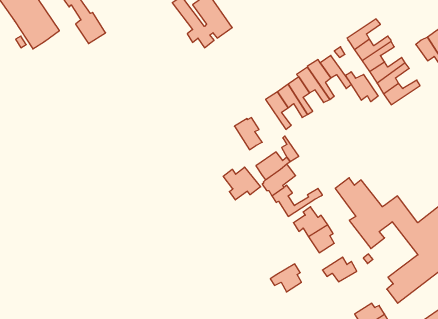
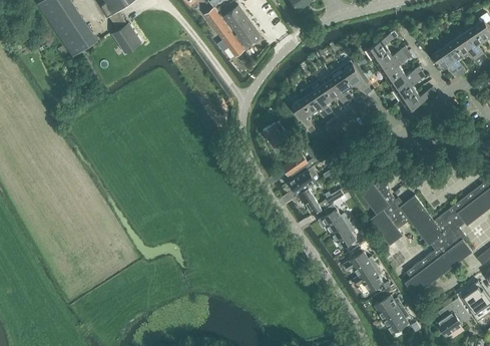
building: [345,72,378,102] -> none
building: [223,167,261,200] -> none
building: [270,264,301,292] -> [354,266,383,292]

